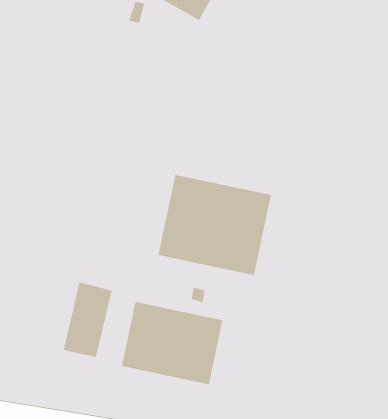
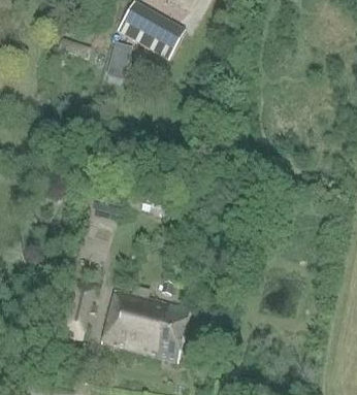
building: [158,174,271,276] -> none

